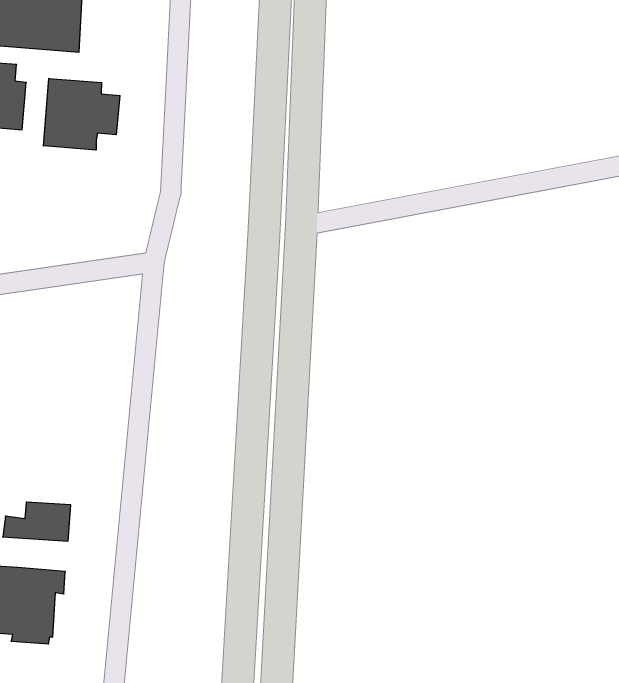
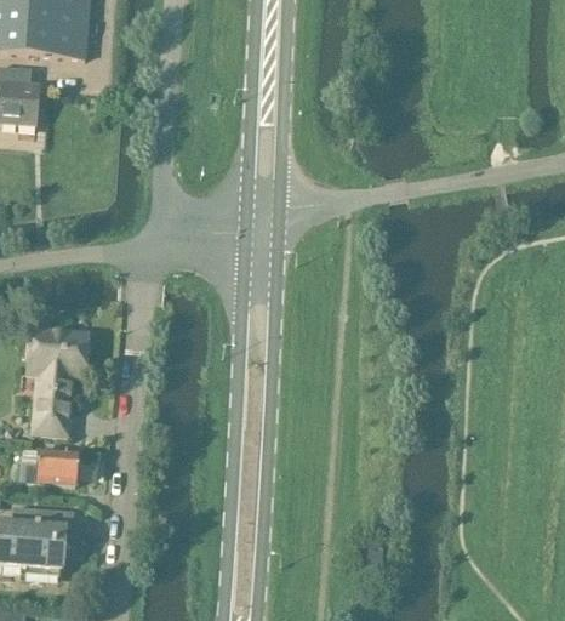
building: [43,78,120,150] -> none
building: none -> [27,330,87,435]

